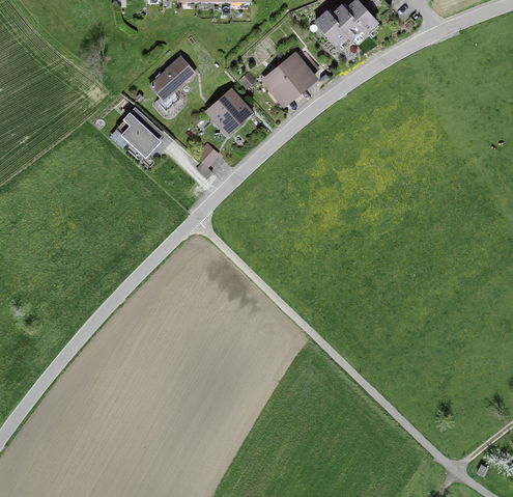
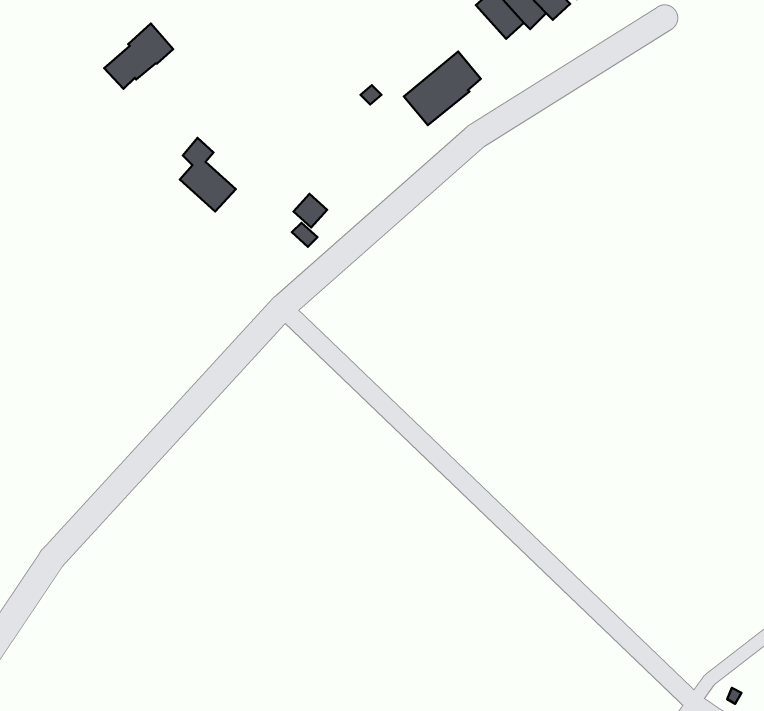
building: [149,56,194,99] -> [104,23,173,89]
building: [210,92,244,128] -> none

